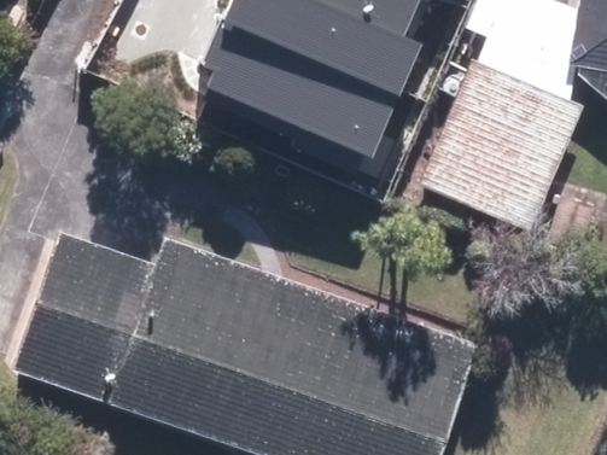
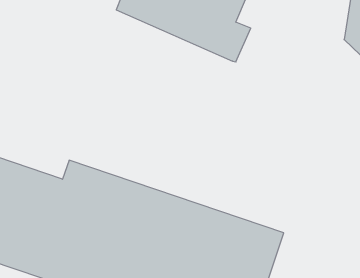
building: [204,16,401,157] -> none
building: [414,60,579,233] -> none

